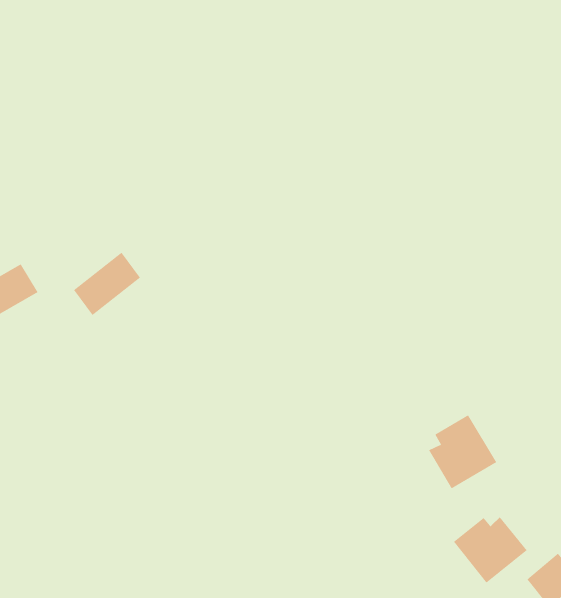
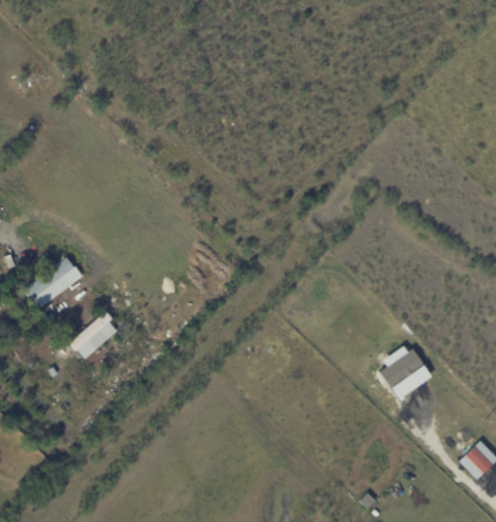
building: [73,252,141,316] -> [69,311,118,360]
building: [453,517,528,584] -> none

